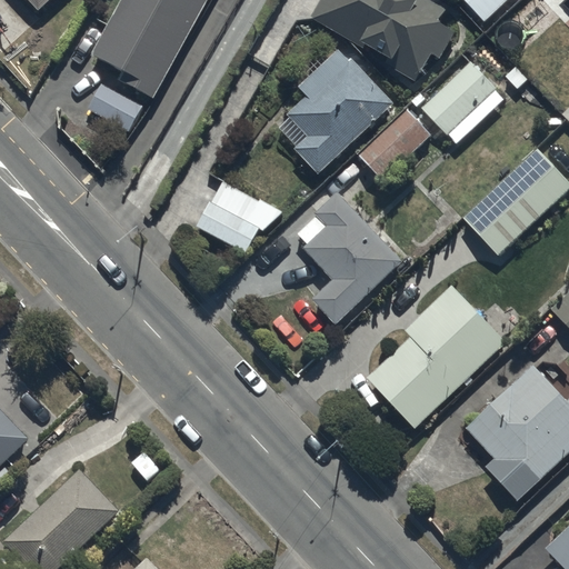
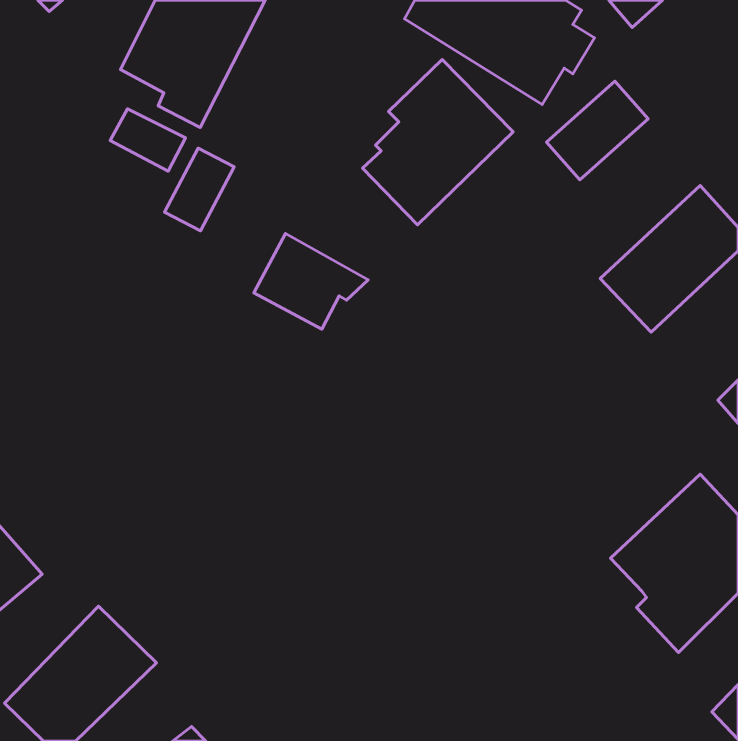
building: [355,107,431,180] -> none
building: none -> [164,148,234,231]
building: [305,197,401,326] -> none
building: [367,283,507,427] -> none

